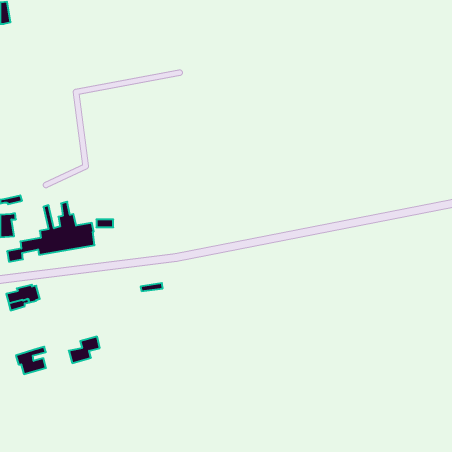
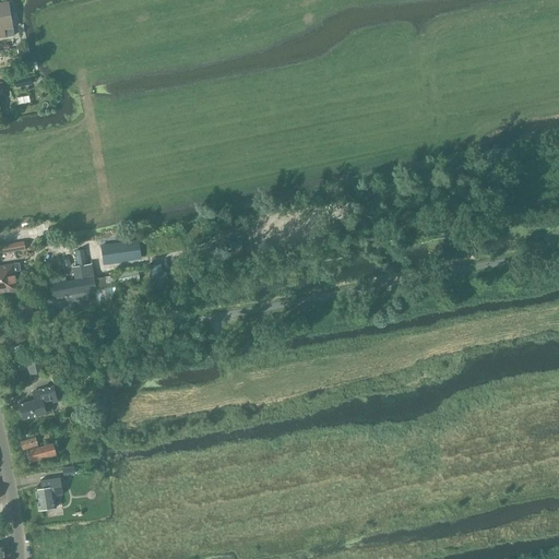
building: none -> [100,235,141,264]
building: [69,337,100,363] -> [19,386,57,419]
building: none -> [35,477,62,510]

